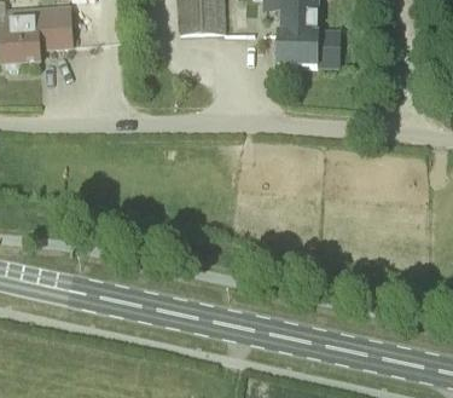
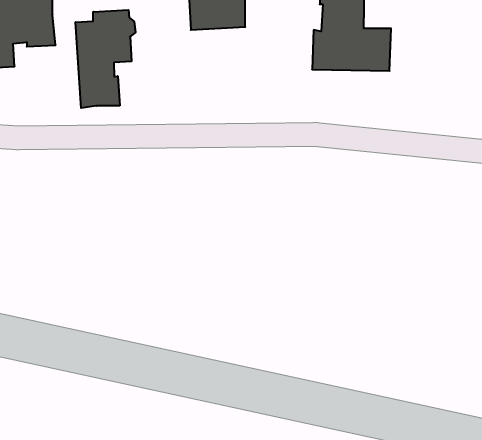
building: none -> [76,10,135,108]

